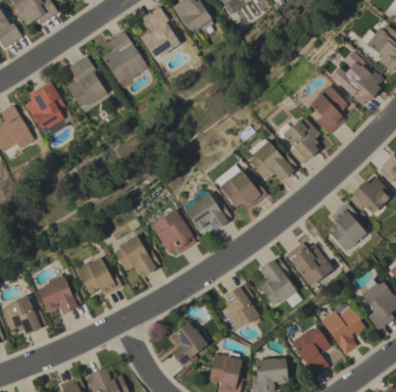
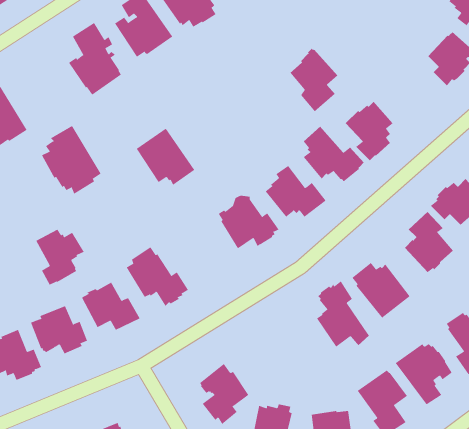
building: [26,81,72,135] -> [41,125,101,195]
building: [309,84,347,134] -> [290,48,338,112]
building: [151,208,197,253] -> [136,128,195,186]
building: none -> [35,229,84,286]
building: [220,283,259,329] -> none

